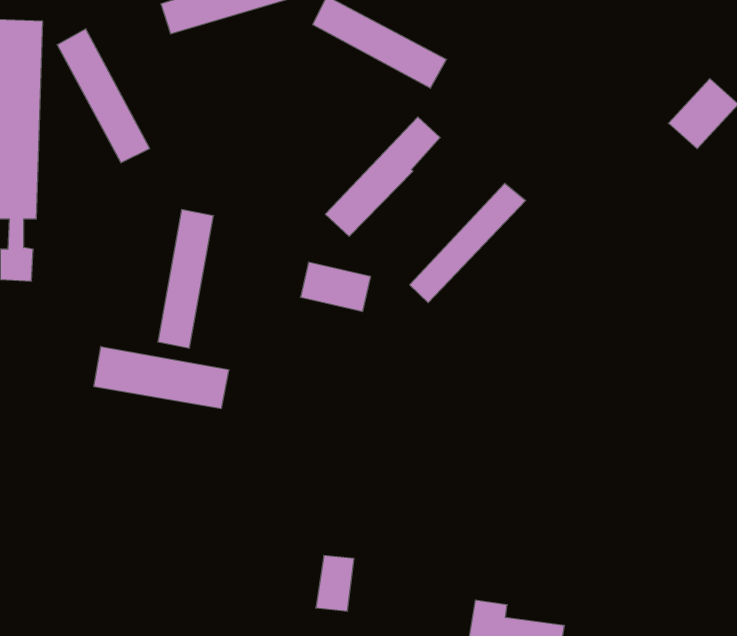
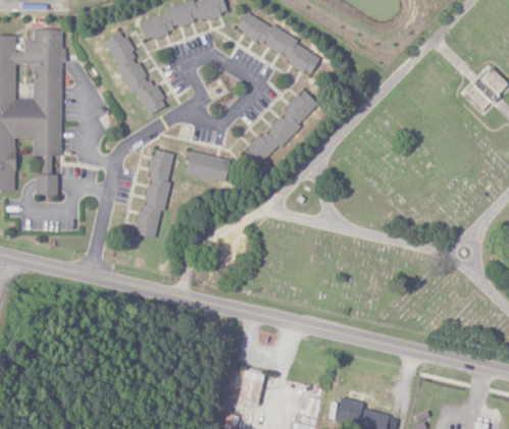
building: [57,29,150,163] -> [104,31,163,116]
building: [410,183,526,303] -> none
building: [300,262,371,312] -> [185,151,230,182]
building: [94,346,229,409] -> none

